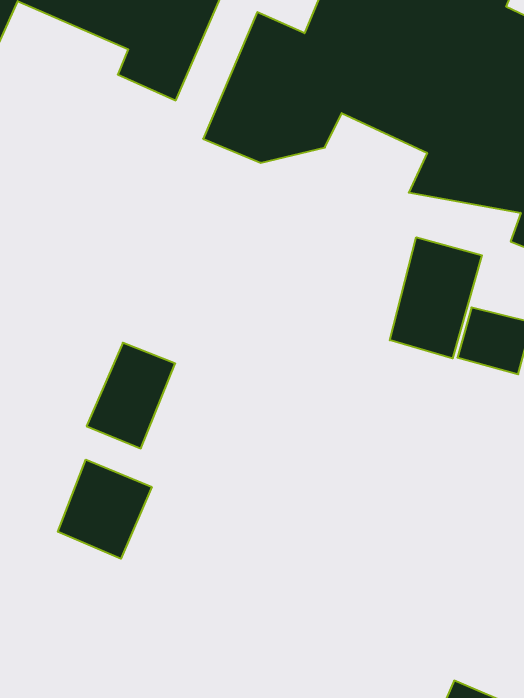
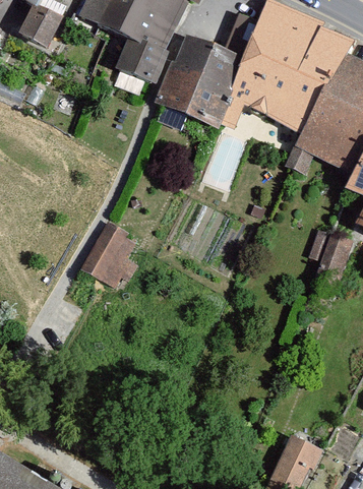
building: [390,237,482,358] -> none
building: [58,460,152,559] -> none

